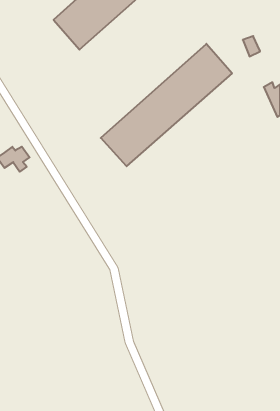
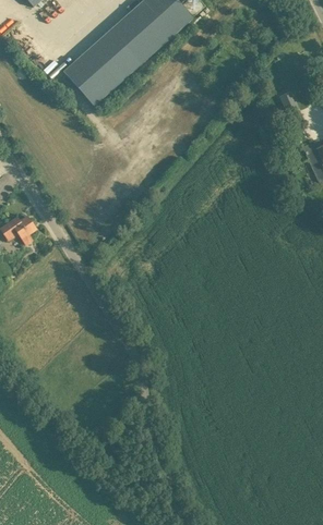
building: [101,44,232,166] -> none

